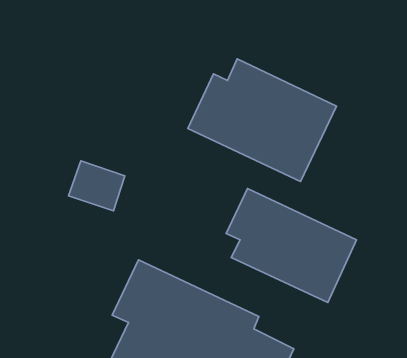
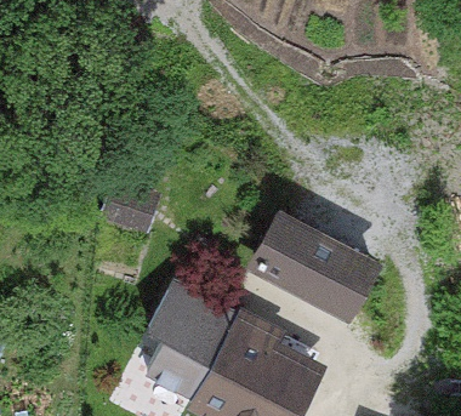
building: [188,59,337,181] -> none

